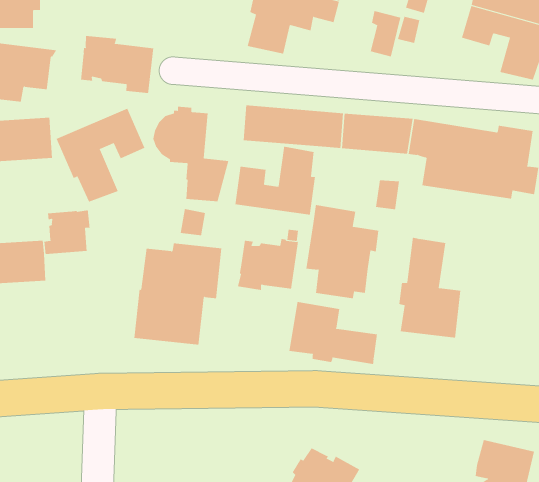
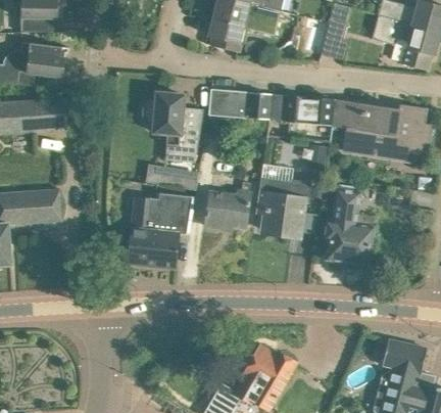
building: [81,35,154,94] -> none
building: [56,108,145,202] -> none
building: [235,146,315,215] -> none
building: [44,210,90,255] -> none
building: [289,301,378,365] -> none

